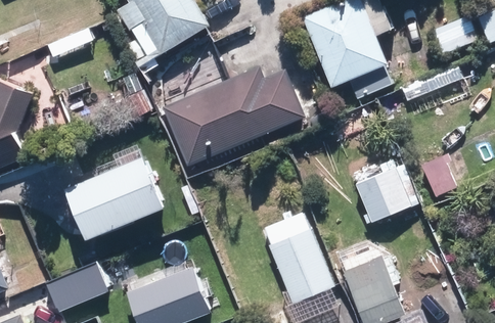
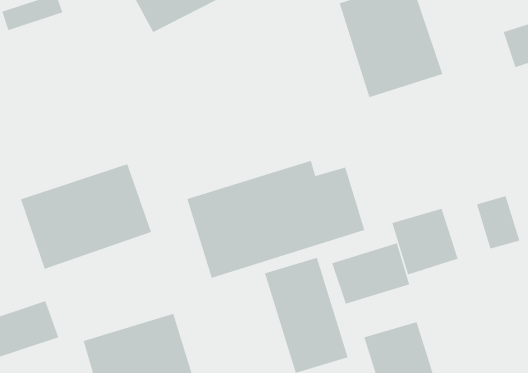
building: [165,67,303,164] -> [186,160,365,278]
building: none -> [331,242,410,305]

